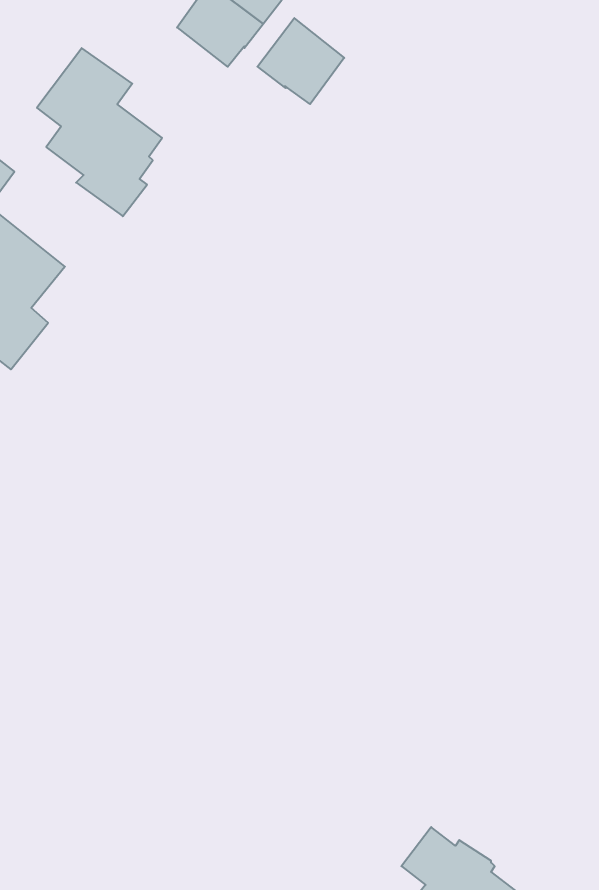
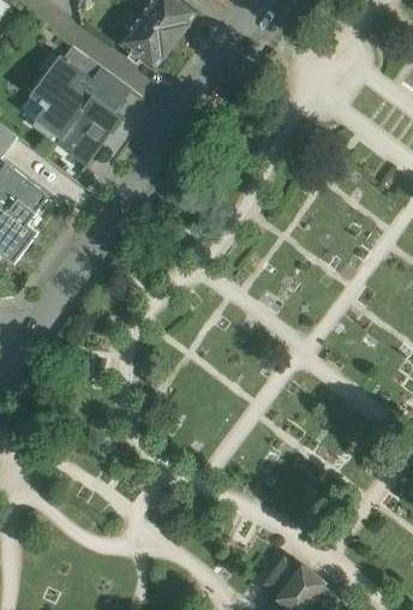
building: [257,18,344,104] -> none
building: none -> [80,67,128,114]

